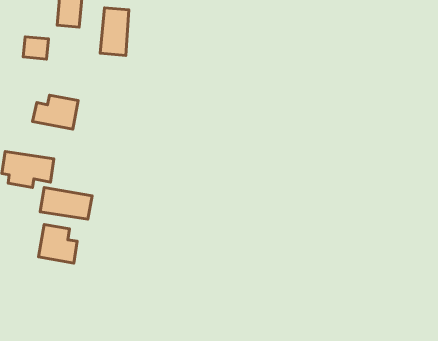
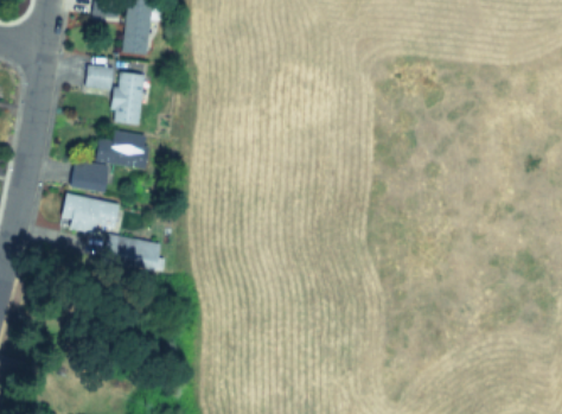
building: [100,8,129,55] -> [113,72,145,126]
building: none -> [71,163,110,193]
building: [38,224,77,263] -> none

